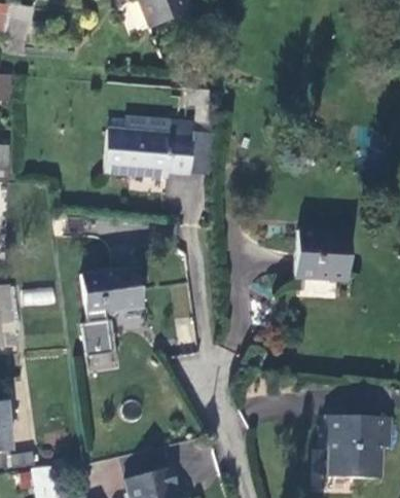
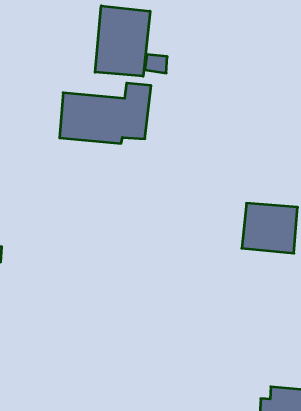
building: none -> [95,6,150,76]
building: [81,266,144,355] -> none

